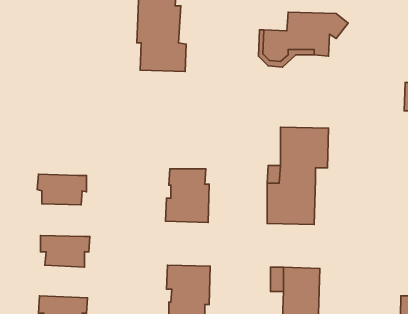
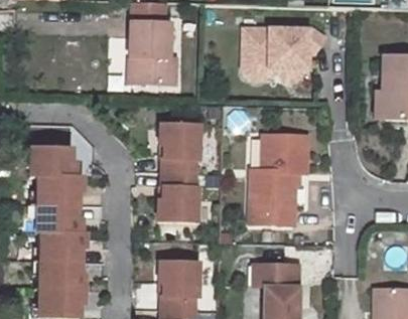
building: none -> [158,122,198,171]
building: none -> [31,147,77,177]
building: none -> [37,203,83,233]
building: none -> [40,260,85,290]

